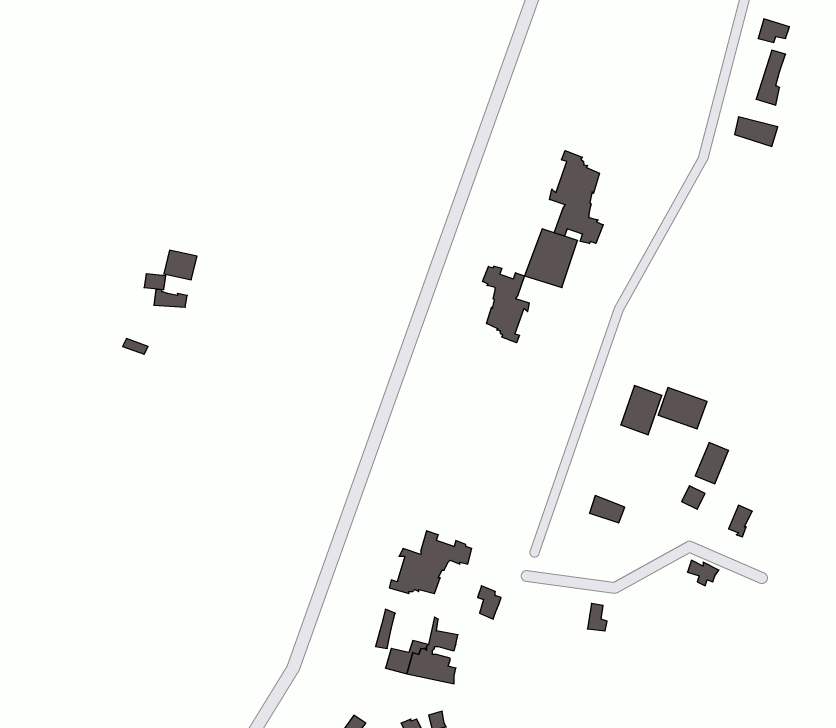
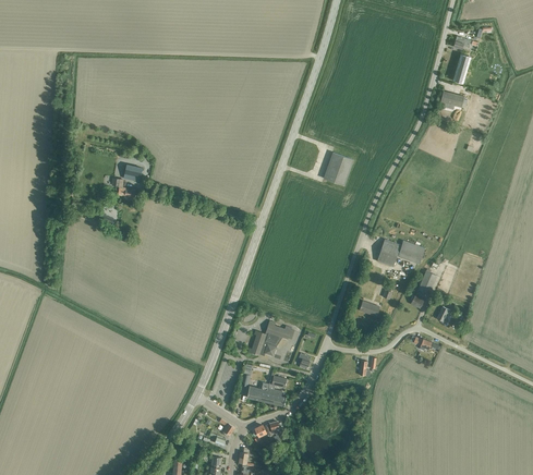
building: [550,151,603,244] -> none
building: [482,266,529,343] -> none

